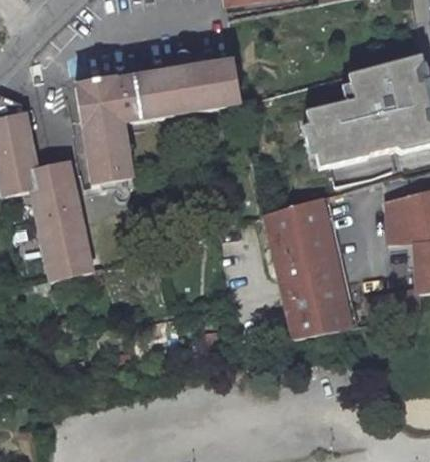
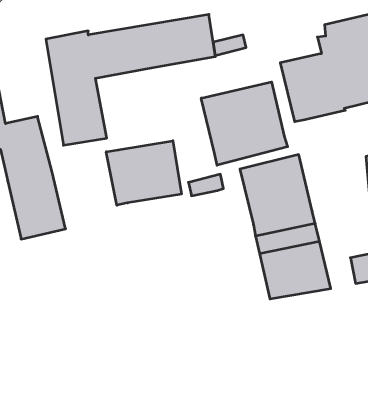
building: none -> [201,82,288,165]
building: none -> [106,141,181,205]

